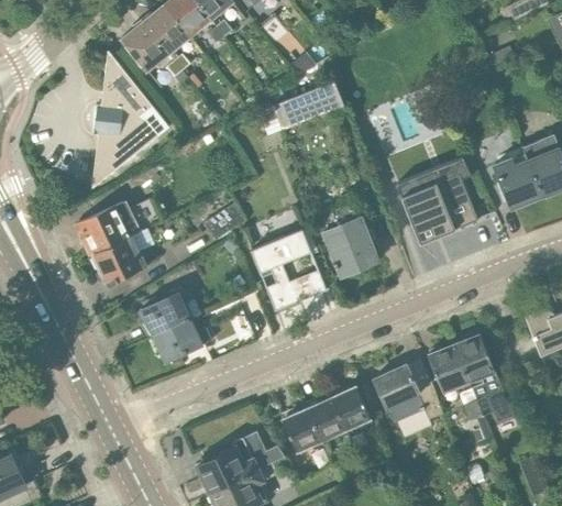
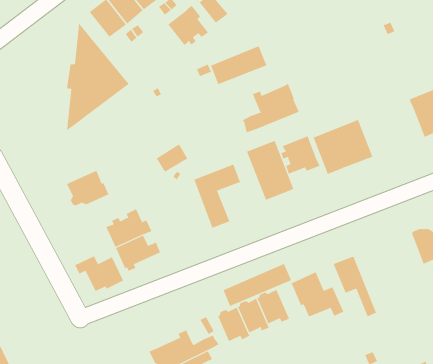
building: none -> [167,5,209,46]
building: none -> [242,83,300,133]
building: [494,158,541,208] -> none
building: none -> [280,135,320,175]
building: [78,200,140,254] -> none
building: [453,333,513,422] -> none
building: none -> [74,255,124,292]
building: none -> [223,263,292,307]

